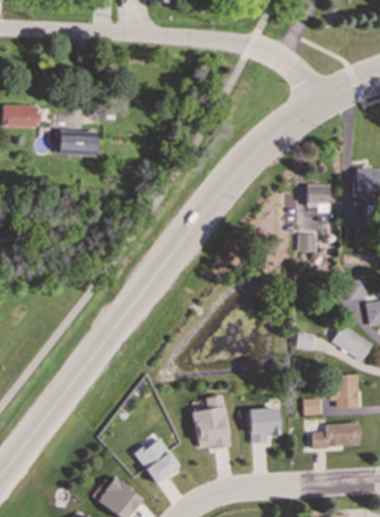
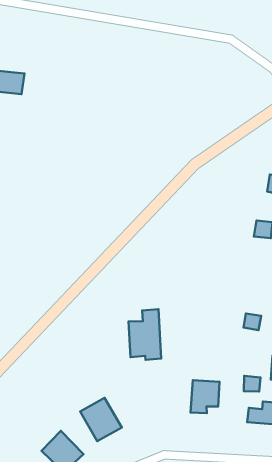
building: [59,130,98,156] -> none
building: [192,395,230,449] -> [128,309,161,360]

